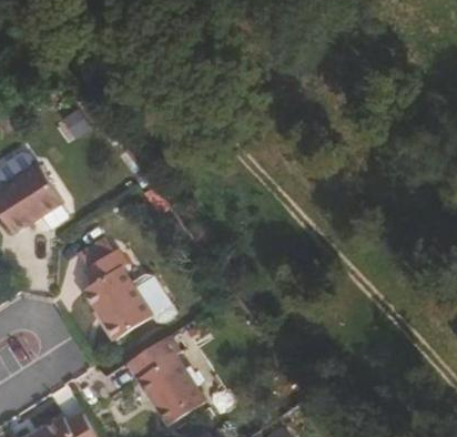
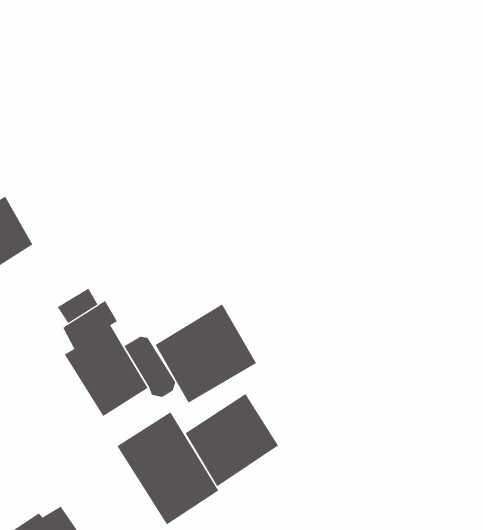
building: none -> [155,304,257,404]
building: none -> [185,393,279,487]

